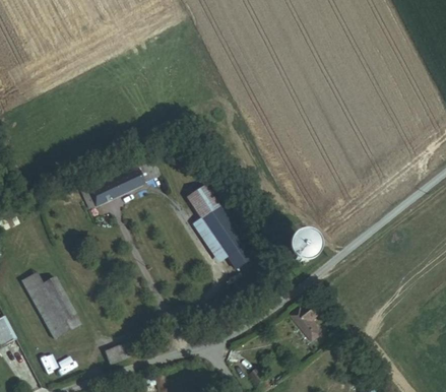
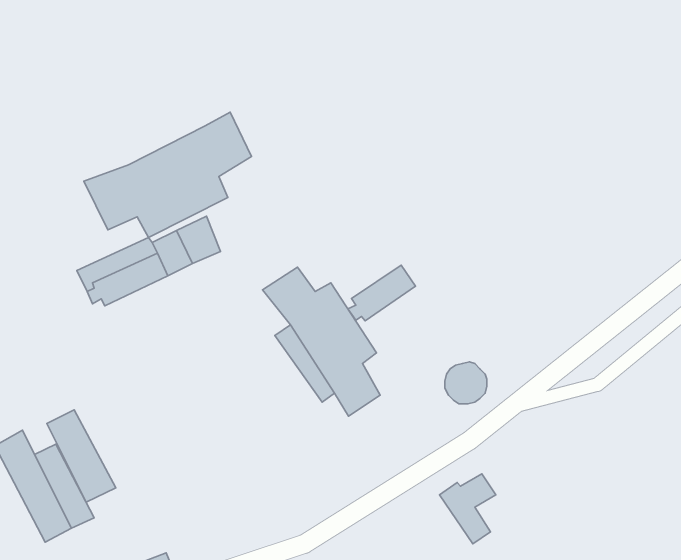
building: none -> [84,112,252,237]
building: none -> [348,265,416,321]
building: none -> [47,410,116,502]

